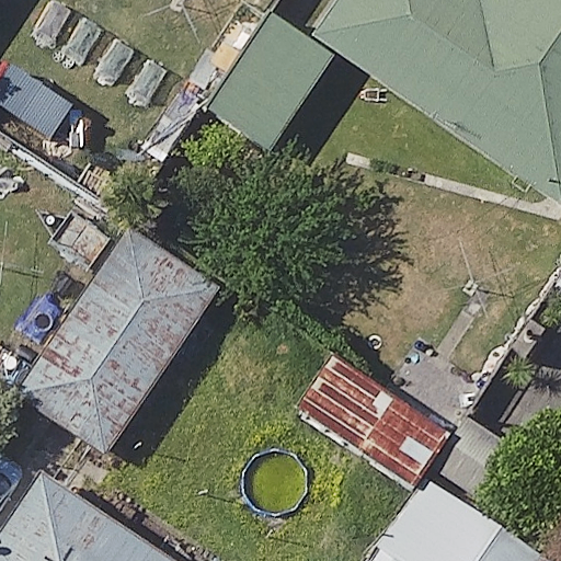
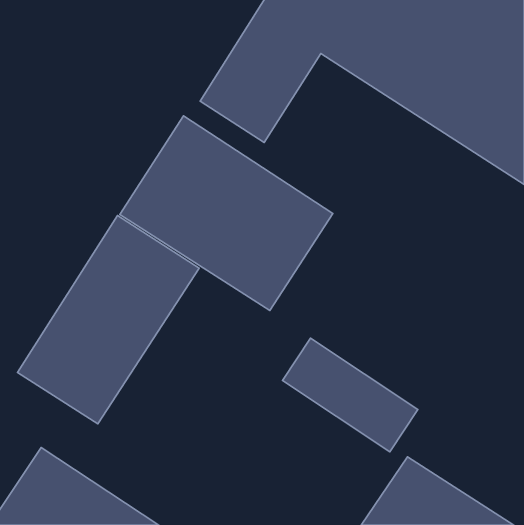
building: none -> [120,116,333,311]

